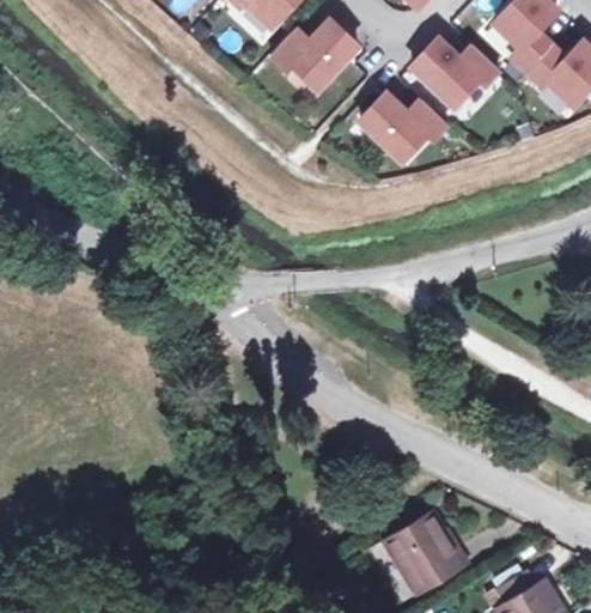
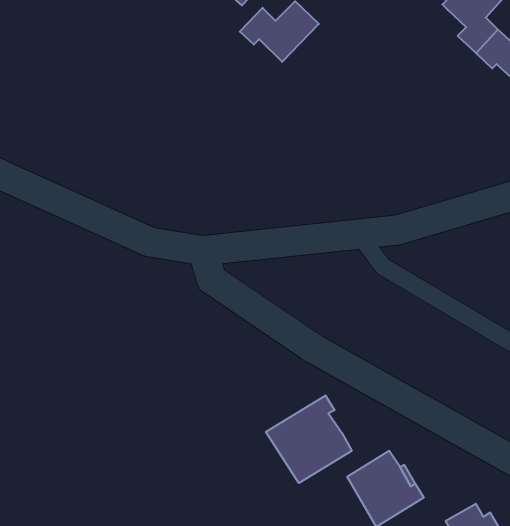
building: [409,37,496,104] -> none
building: [358,92,445,158] -> none
building: none -> [266,395,352,483]

